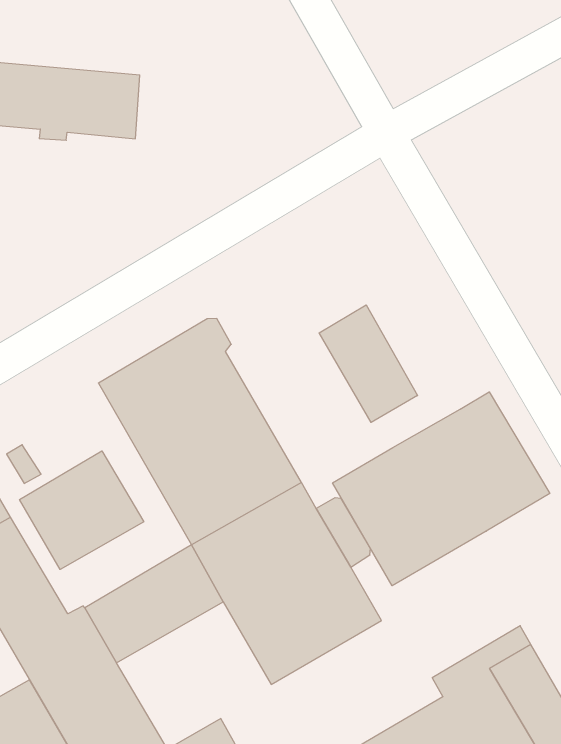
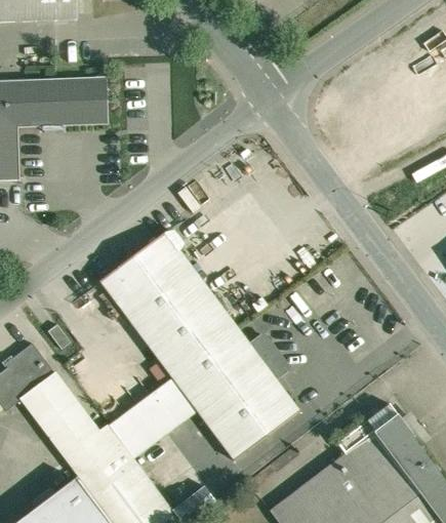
building: [319,305,418,422] -> none
building: [333,392,550,586] -> none
building: [20,451,144,569] -> none

